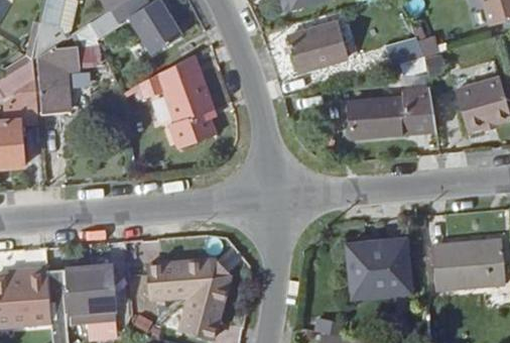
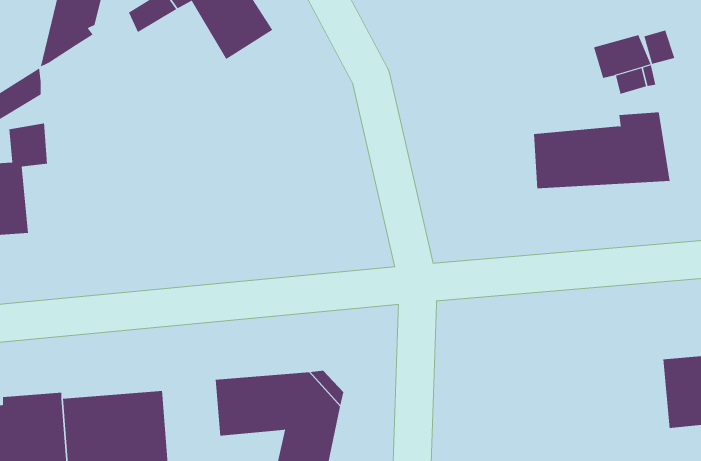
building: [286,22,349,74] -> none
building: [39,45,102,112] -> none
building: [140,55,206,145] -> none
building: [347,238,411,298] -> none

